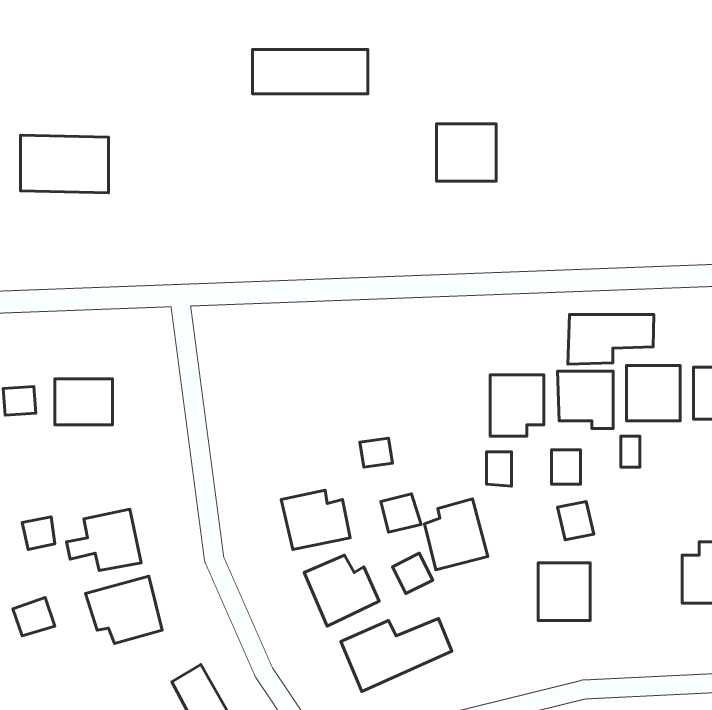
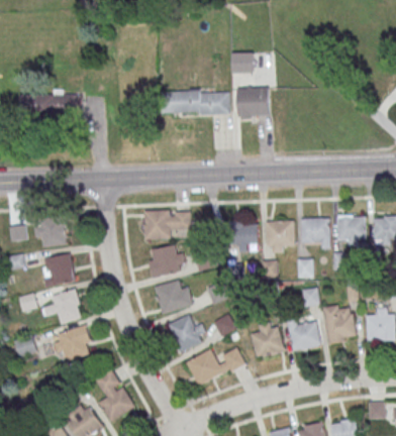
building: [253,50,368,94] -> [169,92,229,115]
building: none -> [231,53,253,73]
building: [568,315,654,364] -> none
building: none -> [144,211,190,238]
building: none -> [233,222,258,251]
building: none -> [147,244,184,276]
building: none -> [40,254,75,287]
building: [424,499,488,570] -> [252,321,285,358]
building: none -> [324,305,356,343]

